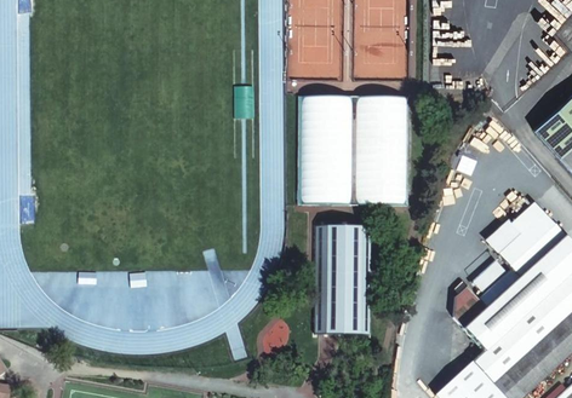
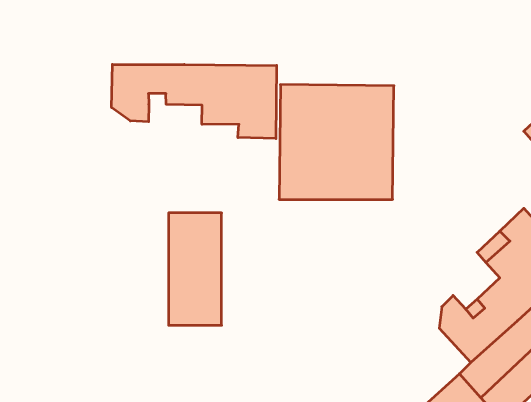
building: none -> [112,64,277,139]
building: [319,226,370,334] -> [169,213,222,325]

